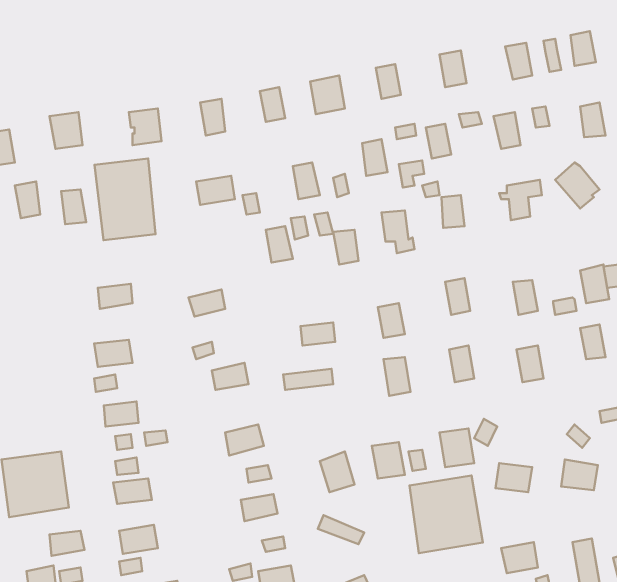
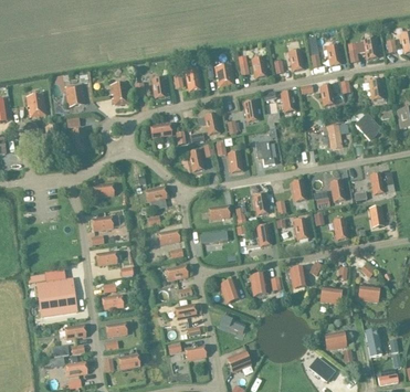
building: [95,159,156,240] -> none
building: [409,475,483,553] -> none

